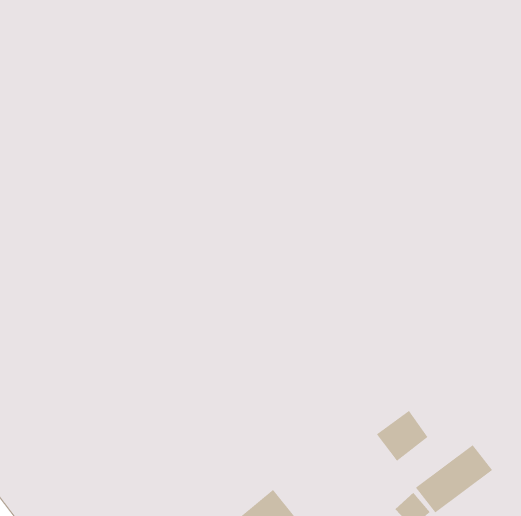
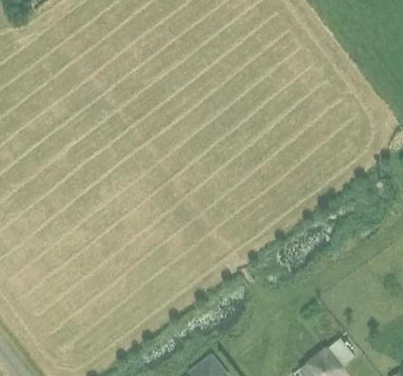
building: [376,410,429,462] -> none

